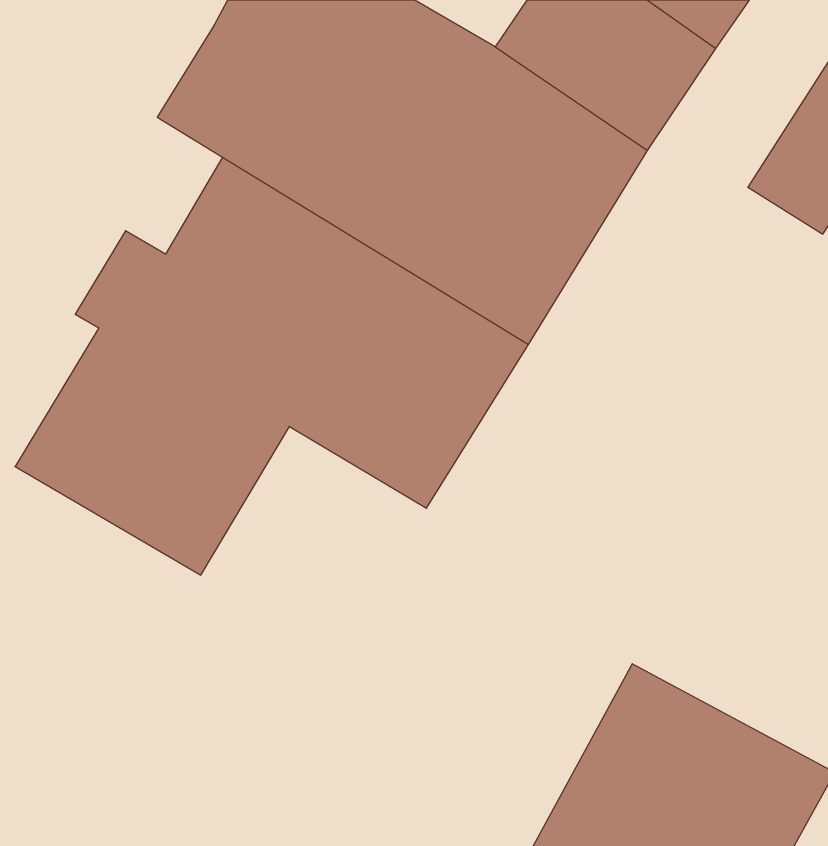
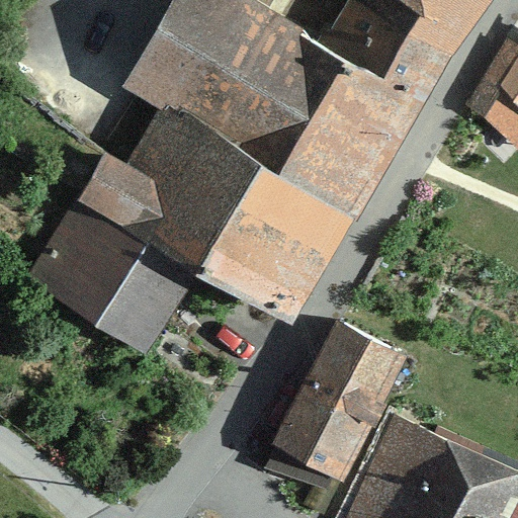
building: none -> [269,320,410,482]

